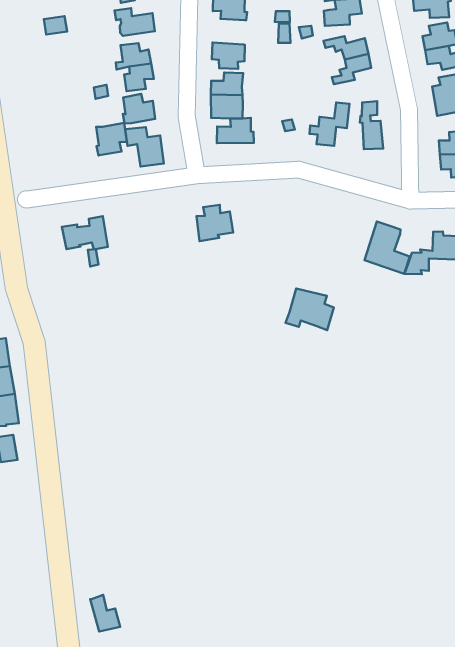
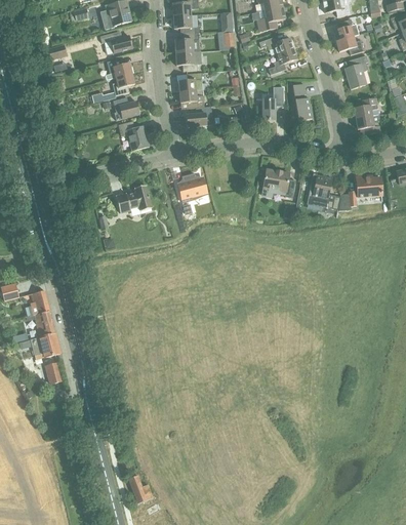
building: none -> [175,32,199,51]
building: [96,123,127,156] -> none
building: [62,216,108,249] -> [115,184,151,211]
building: [286,288,334,330] -> [260,168,295,197]

